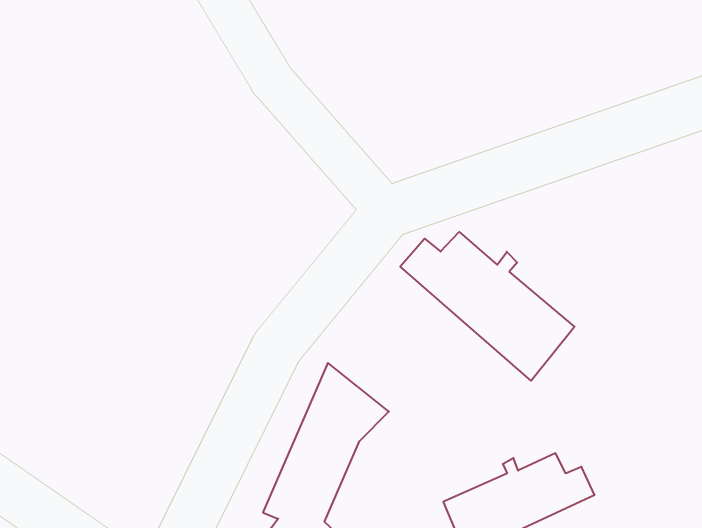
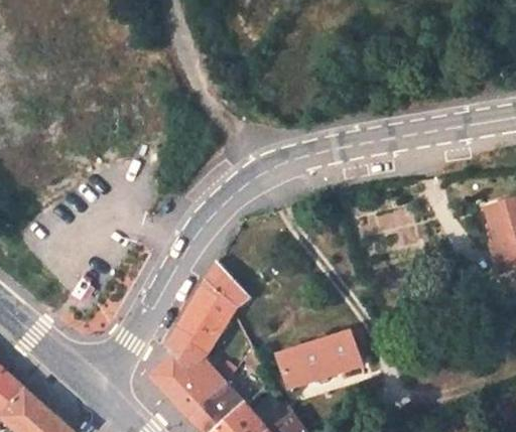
building: [400,232,575,381] -> none

